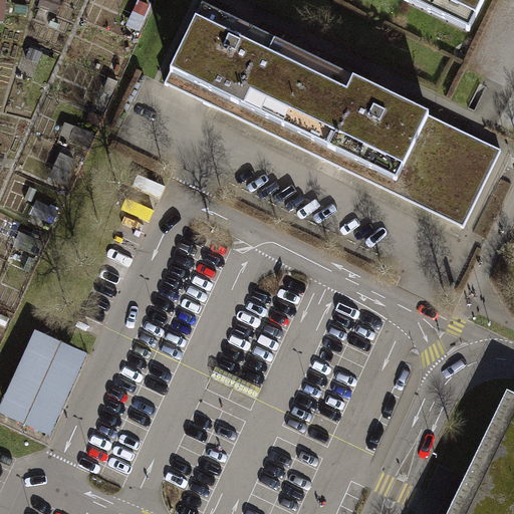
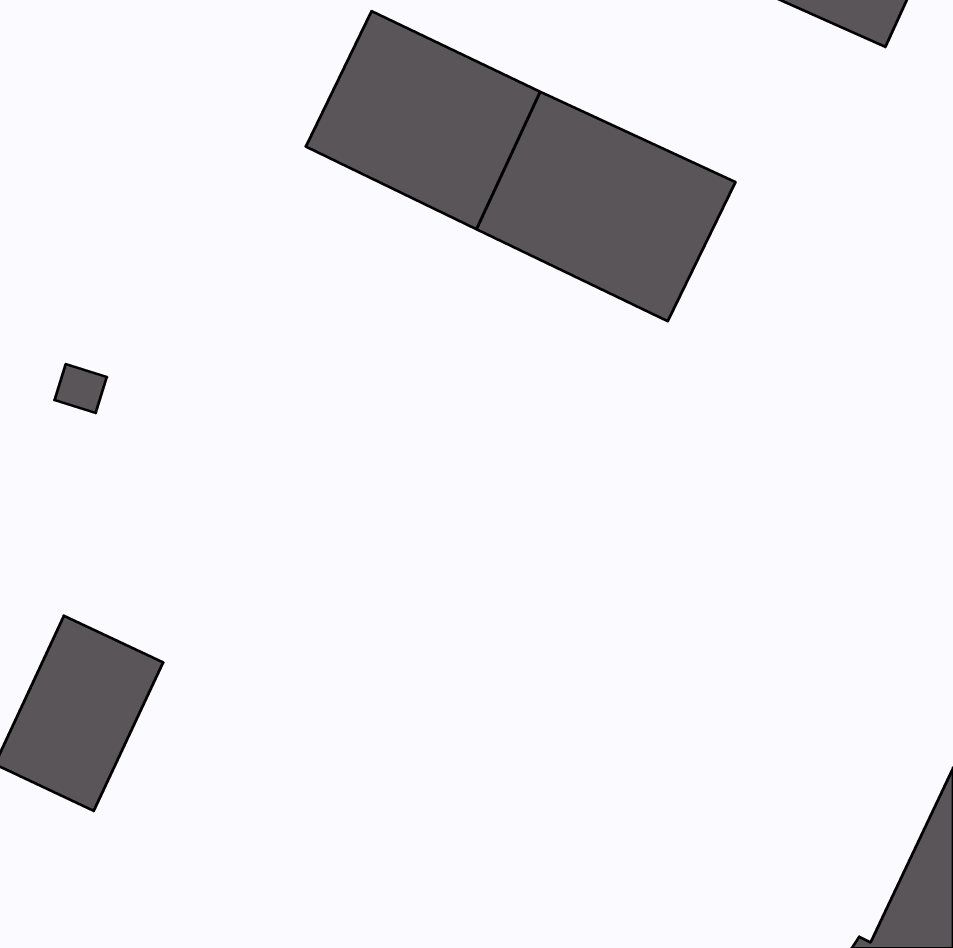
building: [357,97,499,223] -> none

